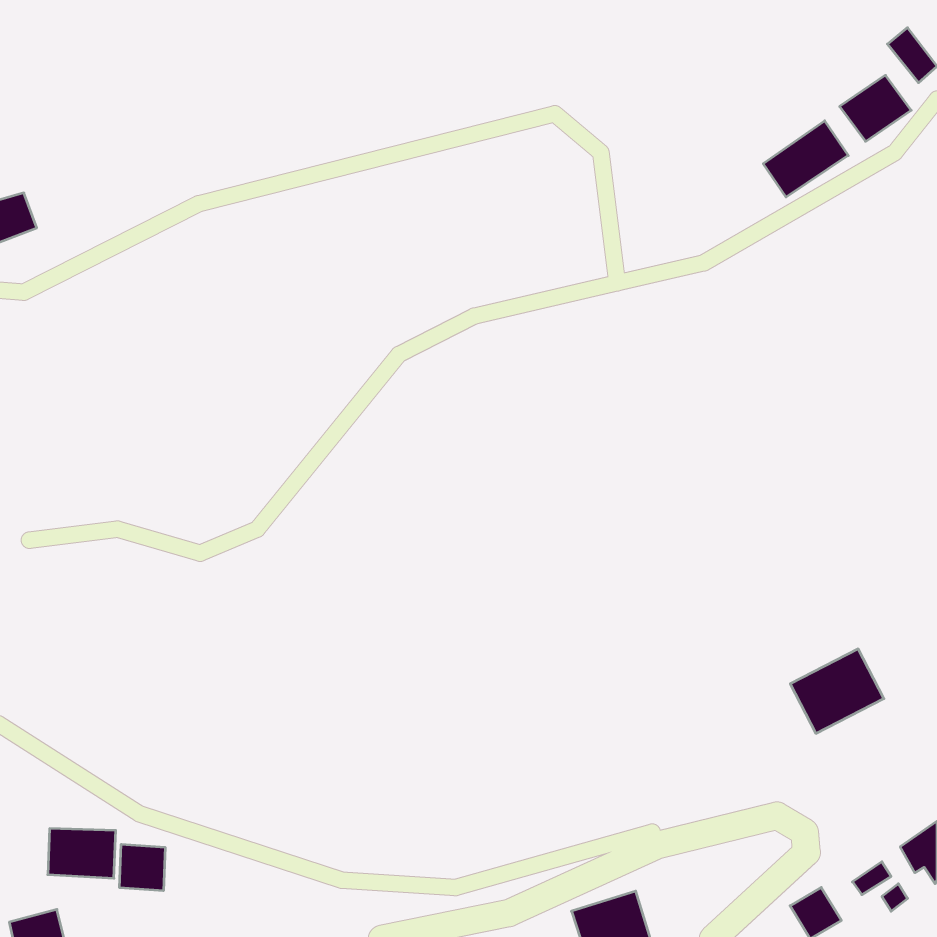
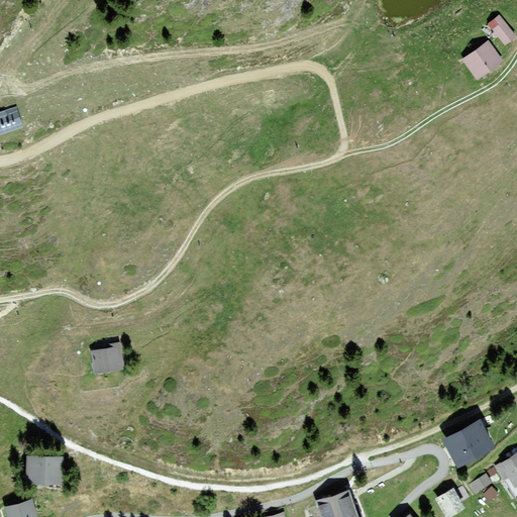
building: [763,121,848,197] -> none
building: none -> [91,342,122,372]
building: [790,649,884,733] -> [442,420,494,467]
building: [120,844,165,891] -> none

